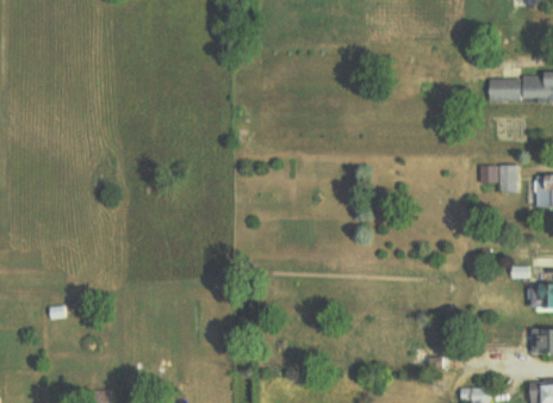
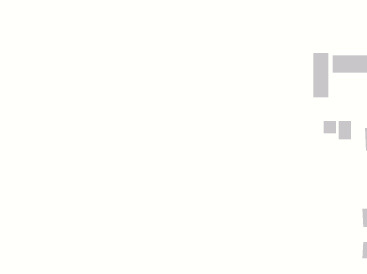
building: none -> [313,52,329,98]

